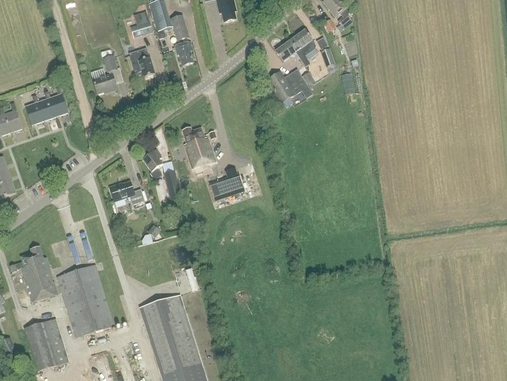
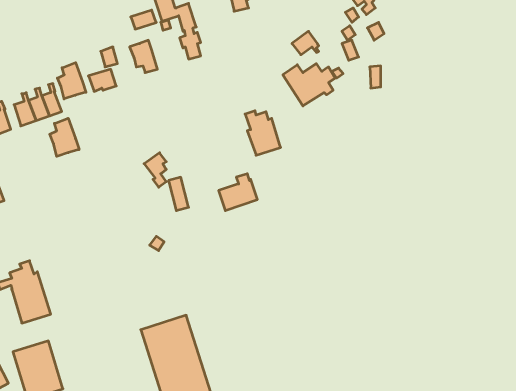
building: [289,29,314,65] -> none
building: none -> [57,63,86,99]
building: none -> [50,118,79,156]
building: [181,126,213,166] -> [245,111,281,155]
building: [108,181,143,203] -> none
building: [55,263,114,337] -> none

